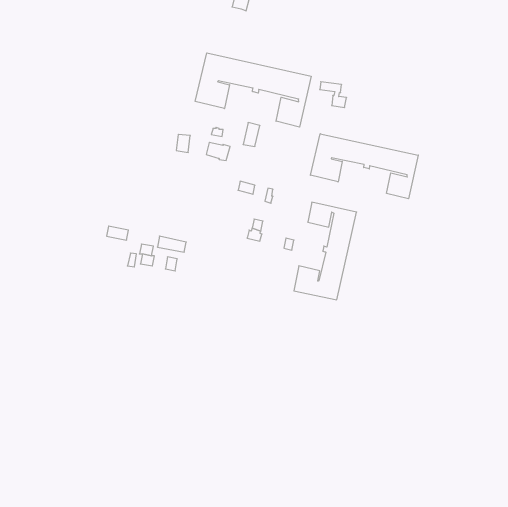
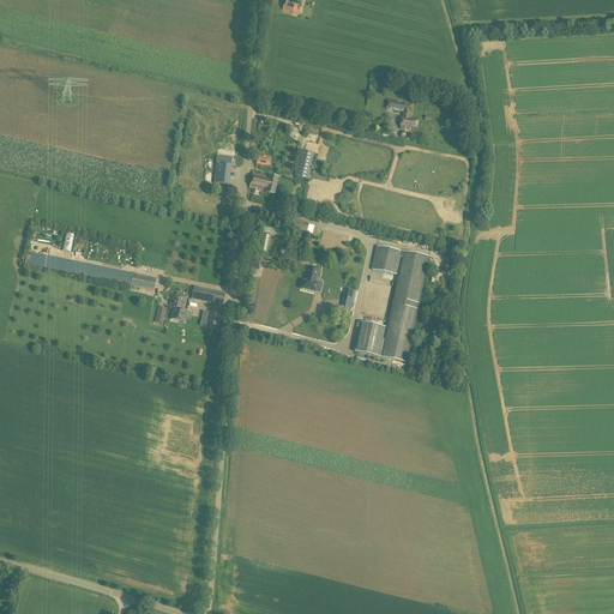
building: [195,53,311,127] -> none
building: [310,134,418,199] -> none

